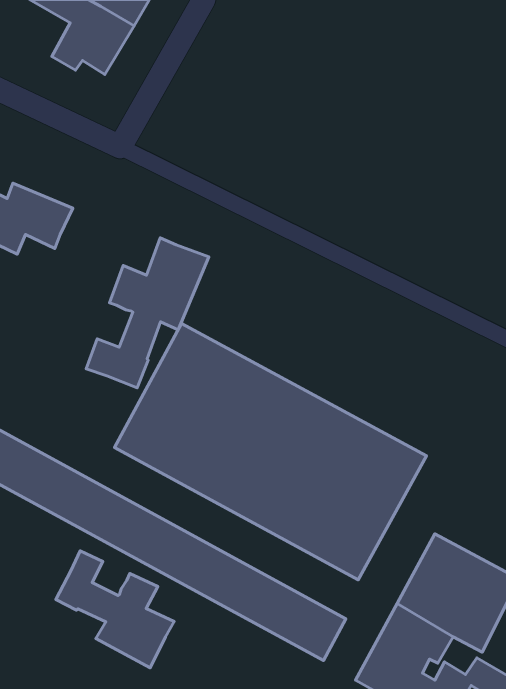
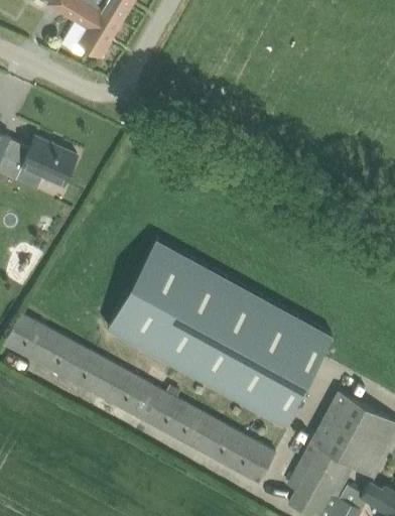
building: [86,238,209,388] -> none
building: [56,551,174,668] -> none

